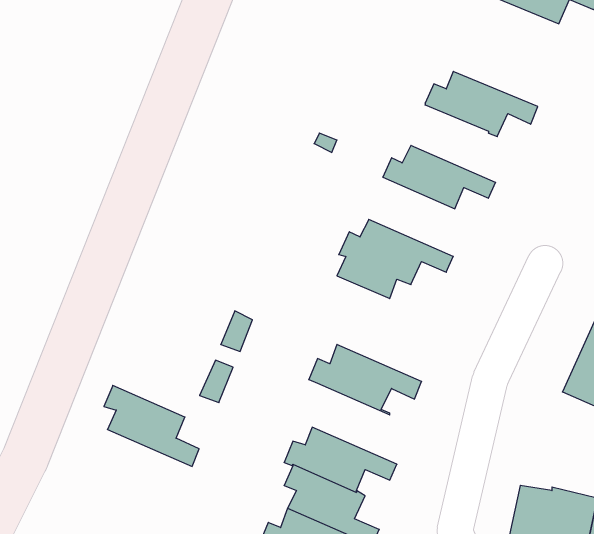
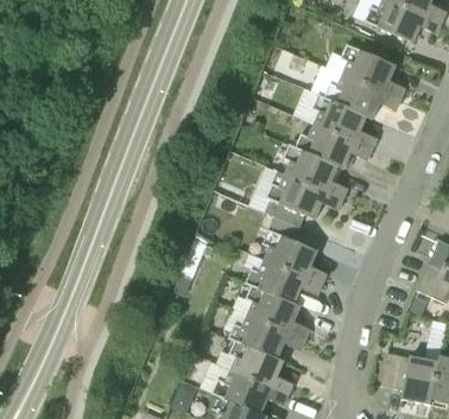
building: none -> [341,43,405,97]
building: none -> [312,93,377,148]
building: none -> [284,142,348,198]
building: none -> [263,228,327,282]
building: [104,385,199,466] -> [246,284,310,338]

